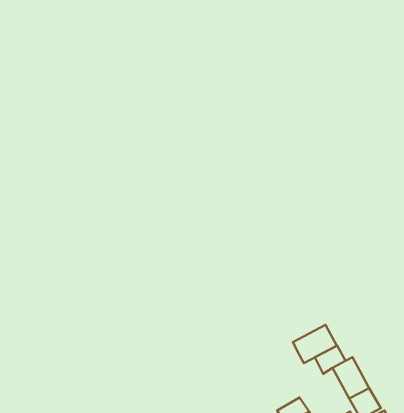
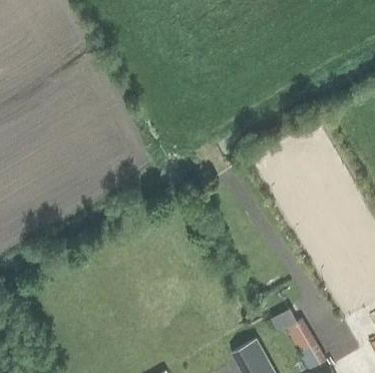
building: [293,325,337,363] -> none

